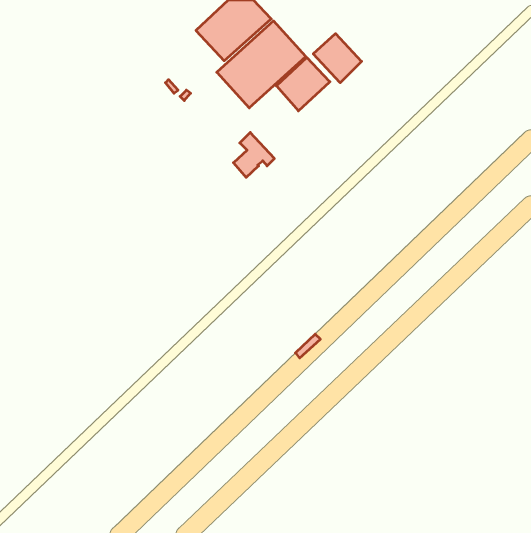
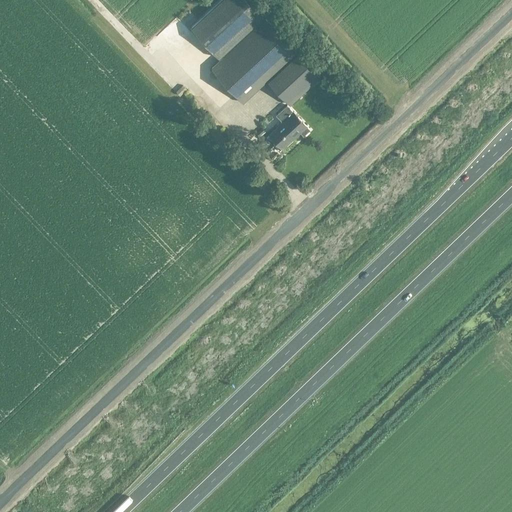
building: [313,34,362,83] -> none
building: [233,132,274,177] -> [267,107,306,150]

